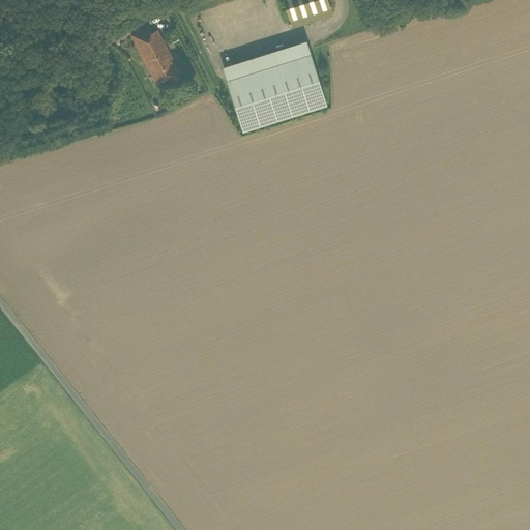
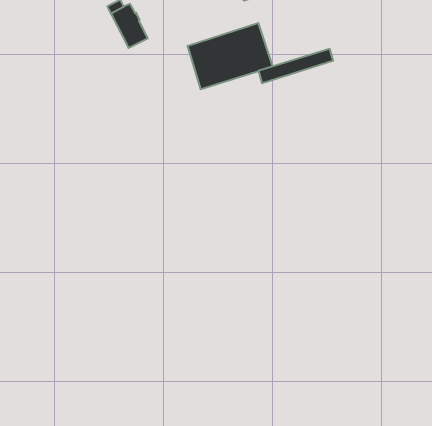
building: [222,41,310,82] -> [258,49,333,83]

